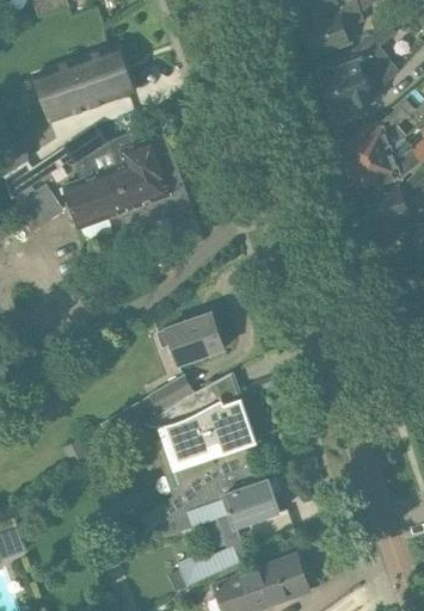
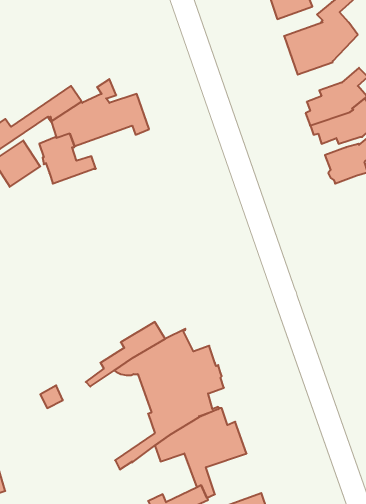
building: [33,48,133,122] -> none
building: [96,168,188,228] -> none
building: [154,314,222,366] -> none

